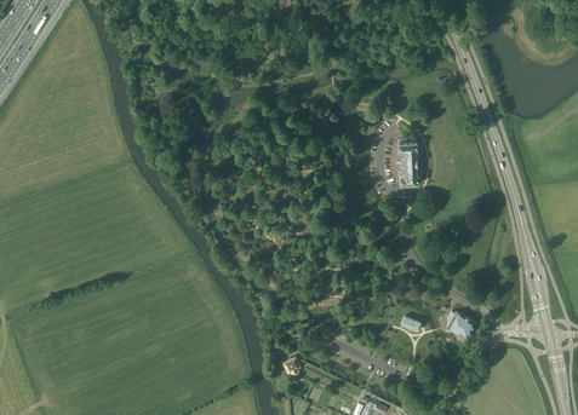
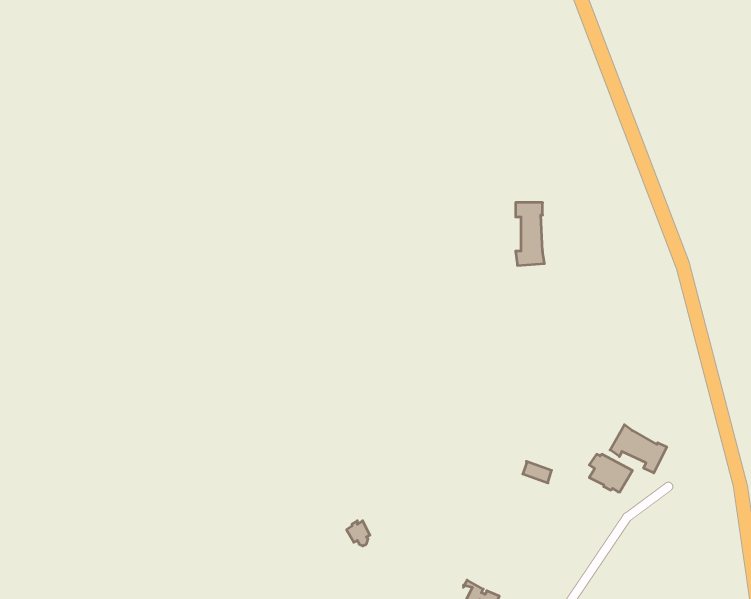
building: none -> [610,425,667,473]

